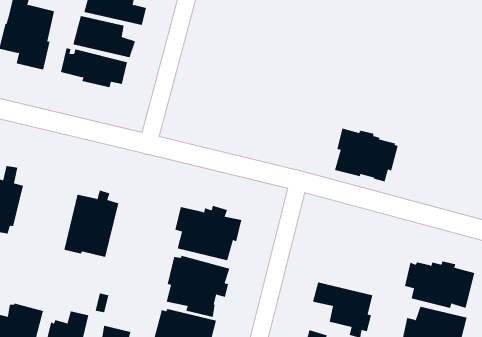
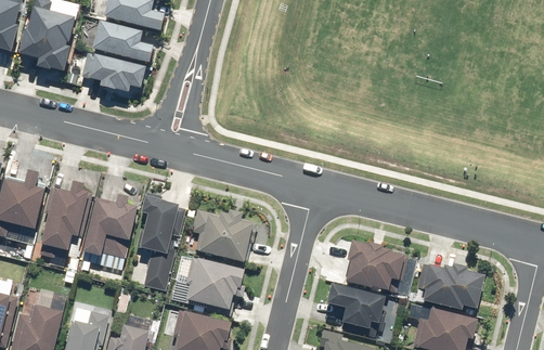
building: [334,128,399,182] -> [345,238,407,291]
building: none -> [40,178,92,250]
building: none -> [134,192,185,290]

